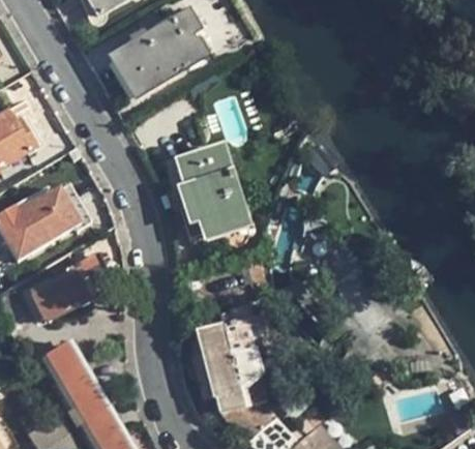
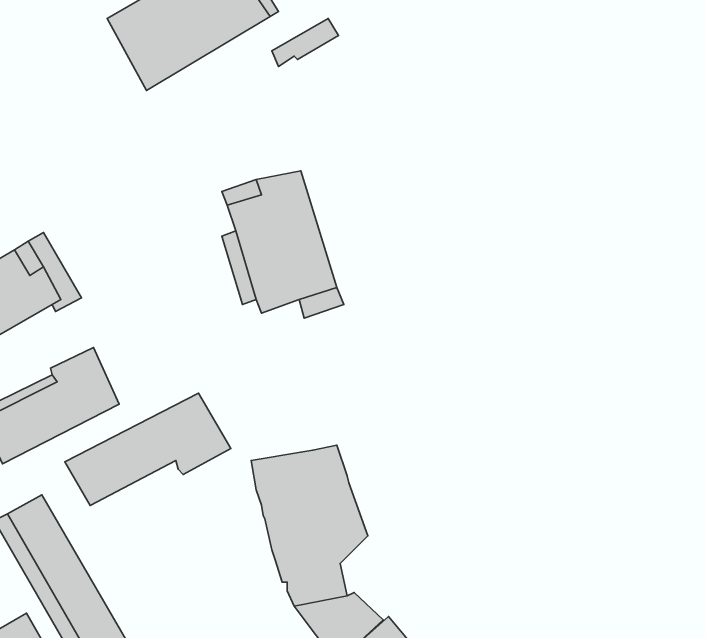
building: none -> [65,393,231,506]

